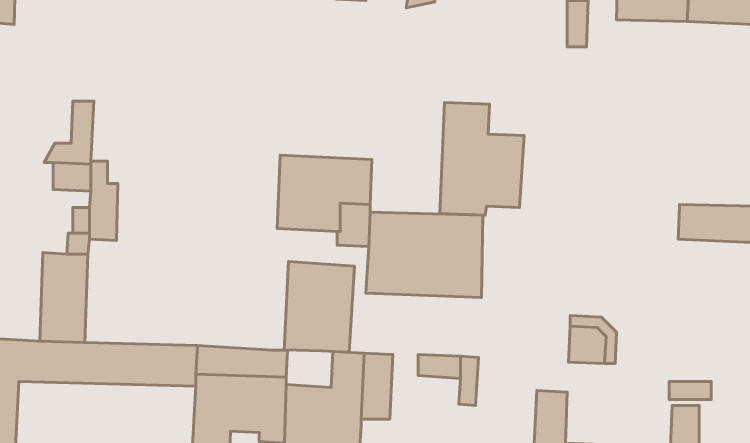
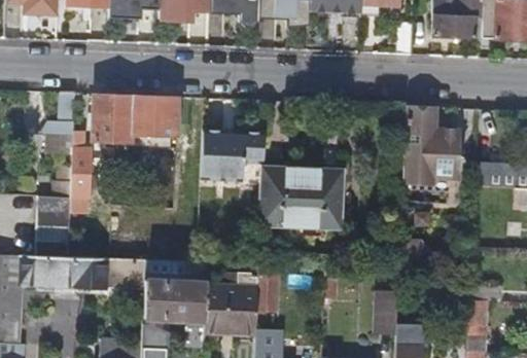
building: none -> [95,94,178,142]
building: [440,103,524,215] -> [402,107,460,184]
building: [284,262,355,352] -> none

